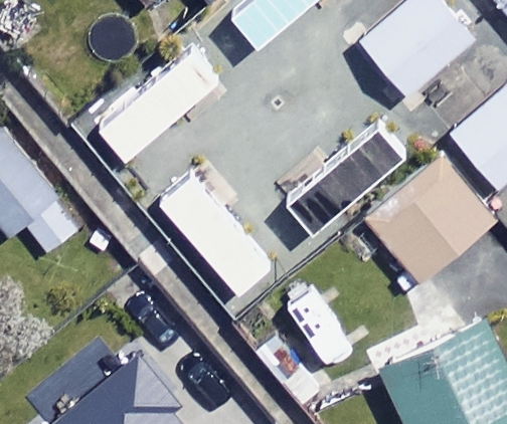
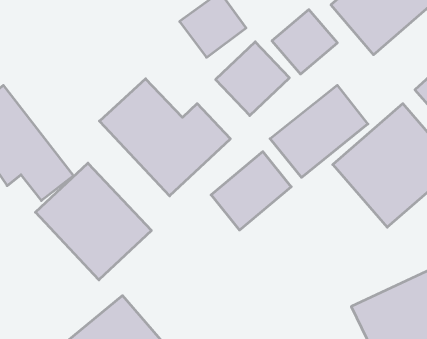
building: none -> [35,163,151,280]

